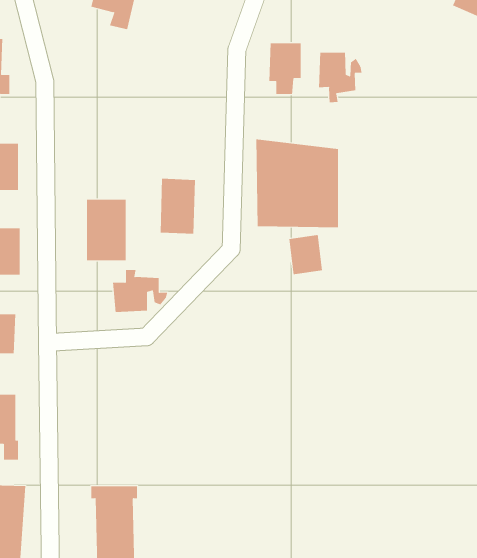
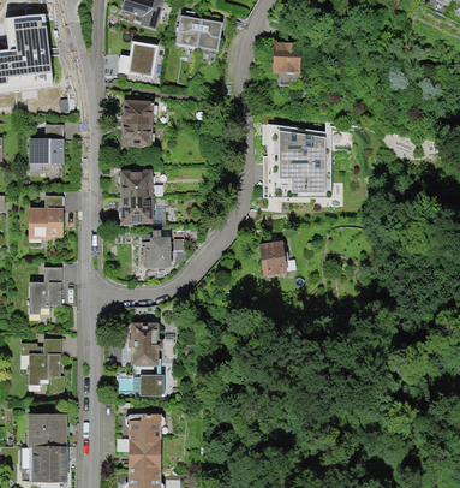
building: none -> [175,14,221,50]
building: none -> [118,42,156,77]
building: [319,52,362,103] -> none
building: [160,178,196,234] -> [123,101,153,148]
building: [288,235,323,275] -> [258,240,287,274]
building: none -> [131,319,161,393]

